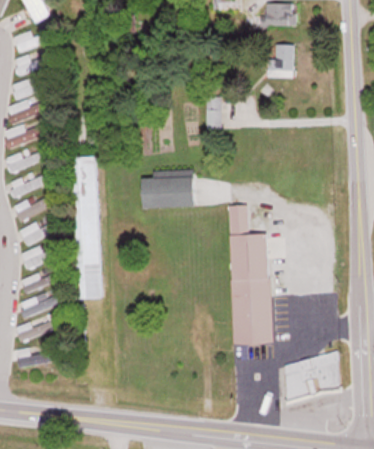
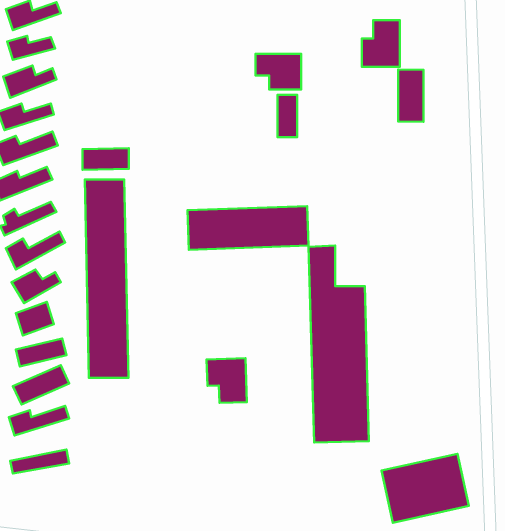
building: none -> [256,54,301,90]
building: none -> [398,69,423,122]
building: none -> [82,148,129,170]
building: none -> [207,358,247,403]

